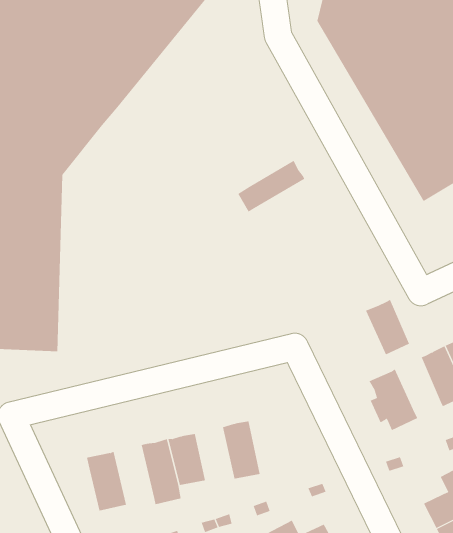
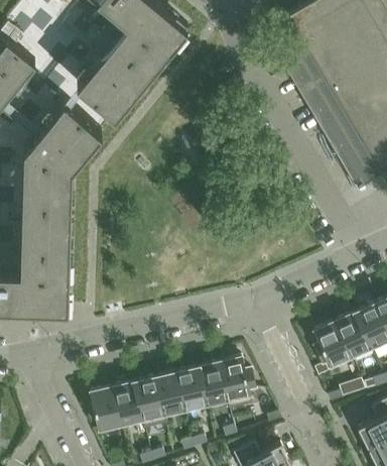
building: [237,160,305,213] -> none
building: [365,299,410,355] -> [336,313,371,357]
building: none -> [220,358,255,410]
building: none -> [177,368,208,415]
building: none -> [113,382,144,430]

